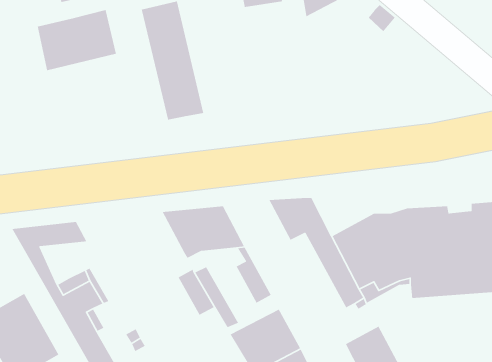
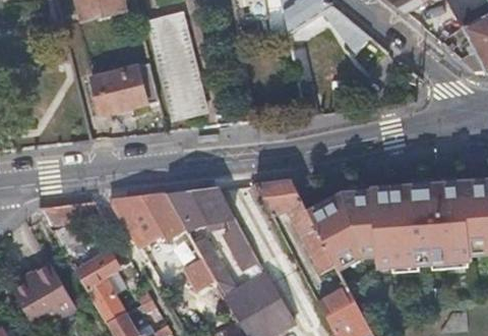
building: [37,9,117,71] -> [90,62,158,114]
building: none -> [109,192,184,239]

